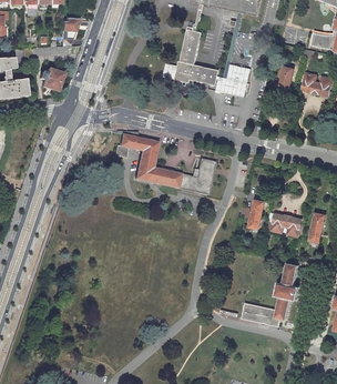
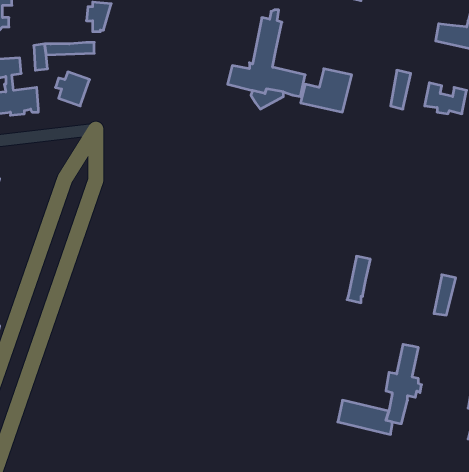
building: [114,133,215,194] -> none
building: [267,212,302,235] -> none

